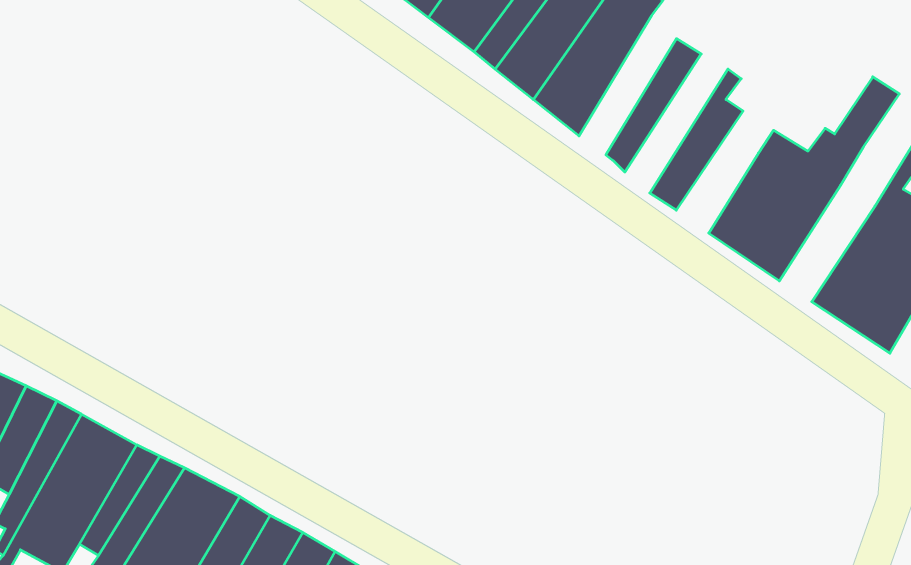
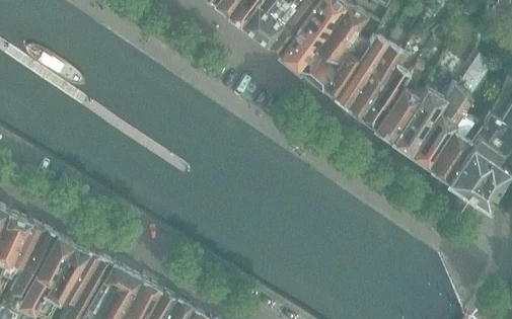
building: none -> [321,26,374,100]
building: none -> [346,47,400,121]
building: none -> [373,65,425,142]
building: none -> [428,116,479,178]

